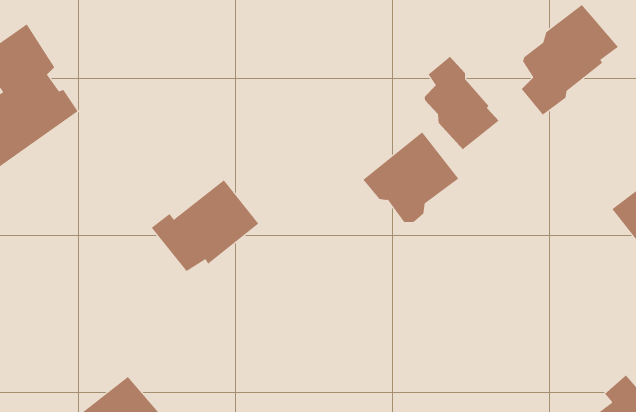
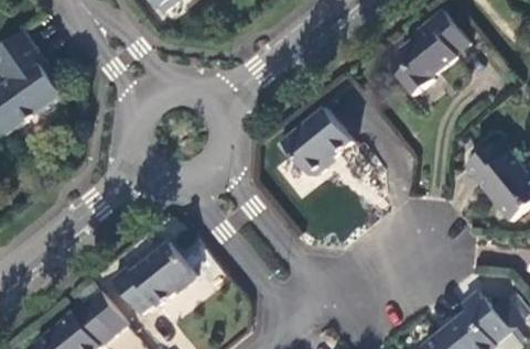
building: [424,56,499,150] -> none
building: [151,179,259,272] -> [115,243,196,313]

